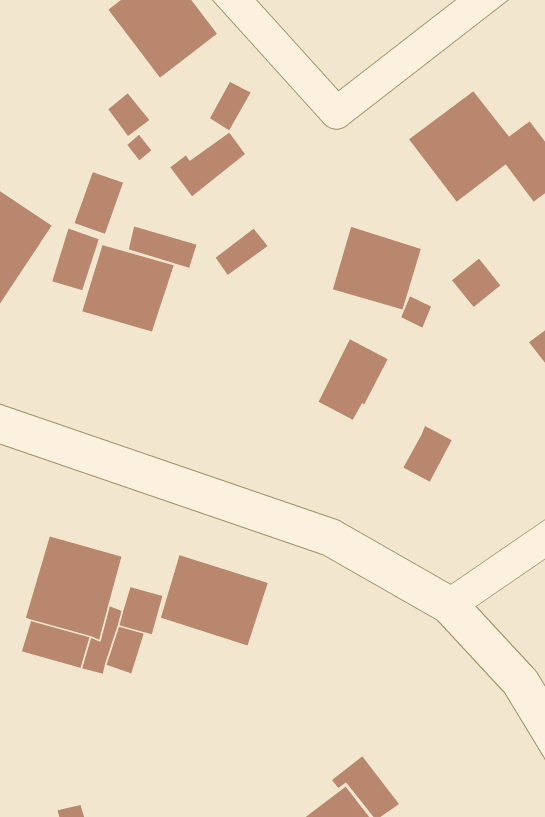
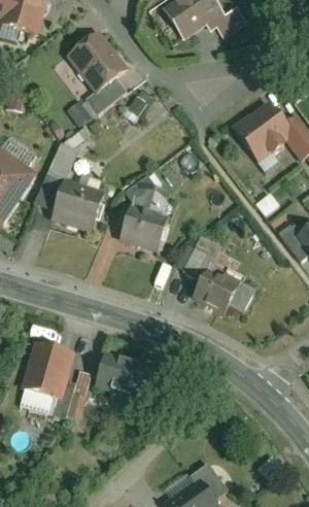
building: [169,132,246,197] -> [83,76,126,112]
building: [332,226,422,310] -> [118,204,168,250]
building: none -> [192,270,238,314]

